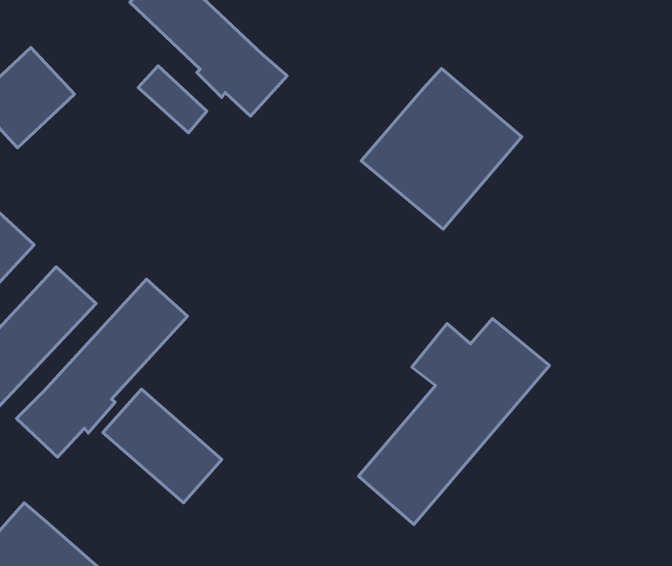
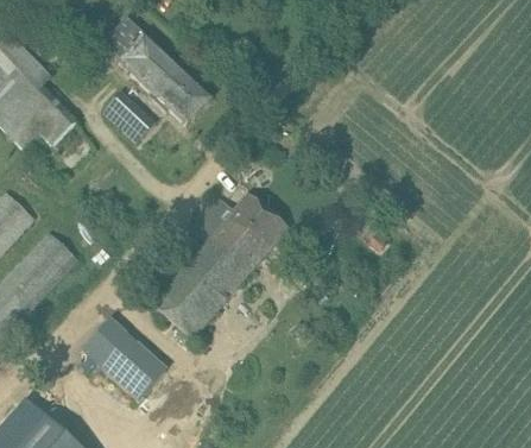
building: [361,68,522,229] -> none
building: [17,279,187,457] -> none
building: [358,319,549,525] -> [153,194,289,340]

